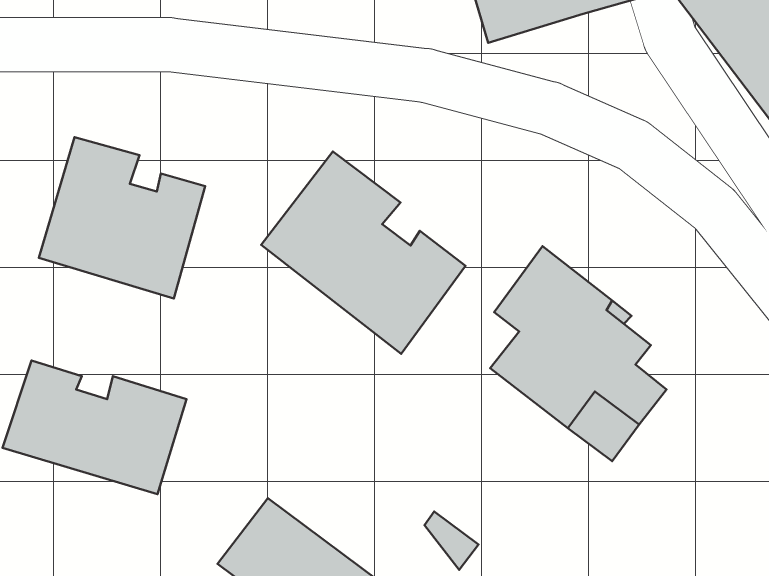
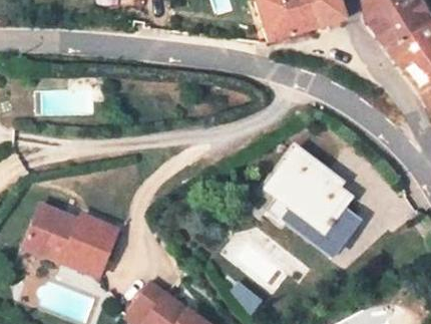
building: [39,137,205,298] -> none
building: [261,152,466,354] -> none

